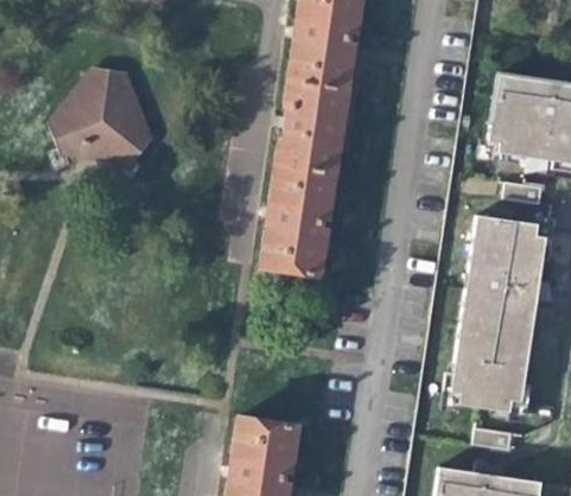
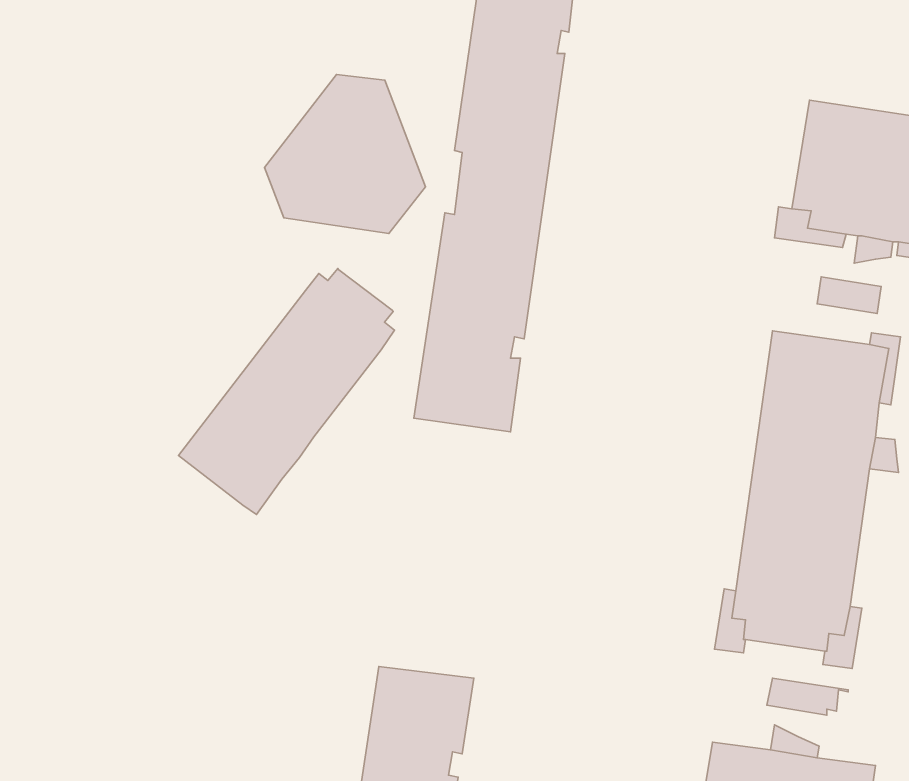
building: [55,71,153,168] -> [265,74,426,233]
building: none -> [178,269,395,515]

